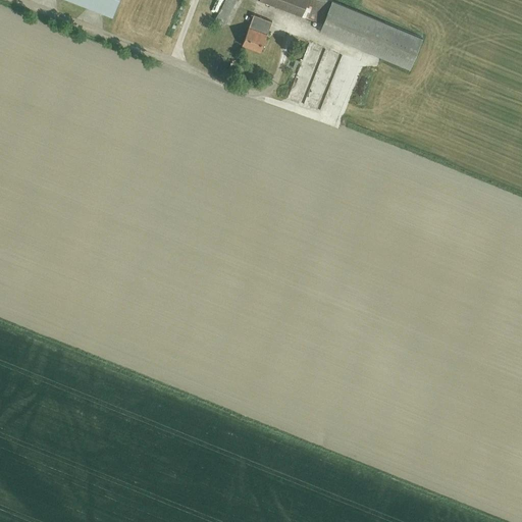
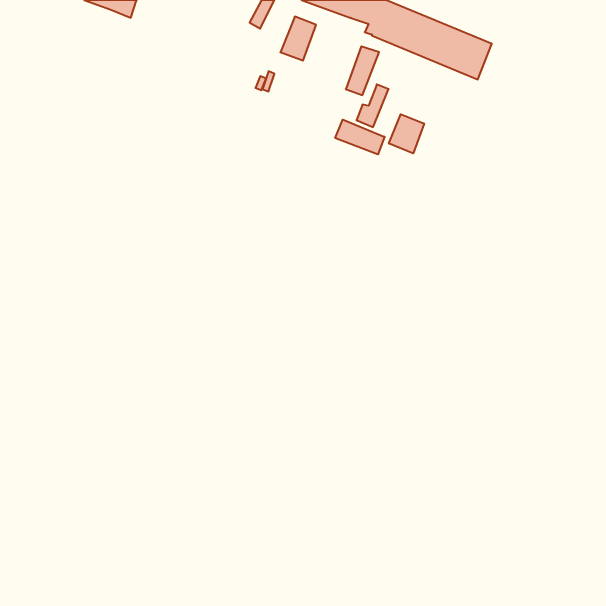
building: none -> [389,114,424,153]
building: none -> [335,120,385,154]

